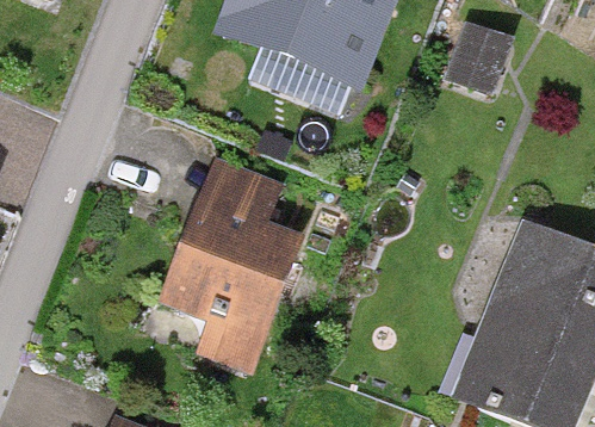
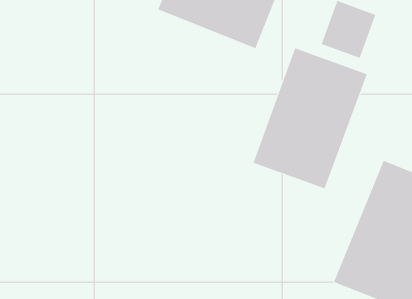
building: none -> [253,47,367,189]
building: [175,178,298,358] -> none

